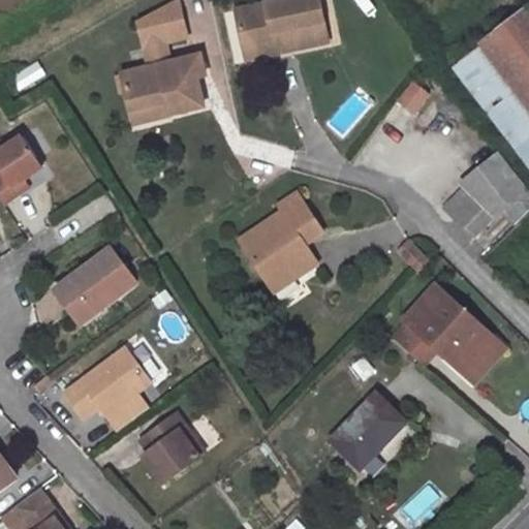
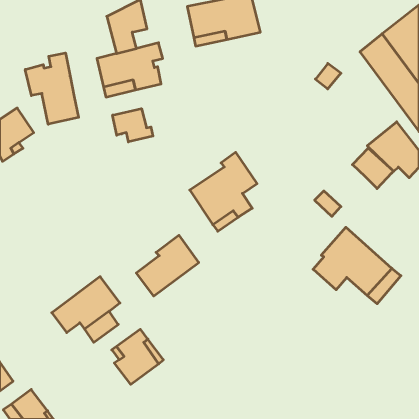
building: none -> [25,53,79,124]
building: none -> [113,109,153,142]
building: [58,247,136,323] -> [136,235,199,296]
building: [330,392,407,469] -> none

